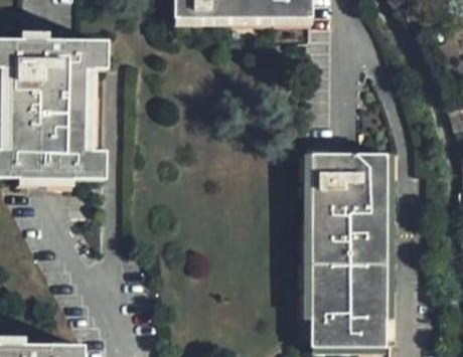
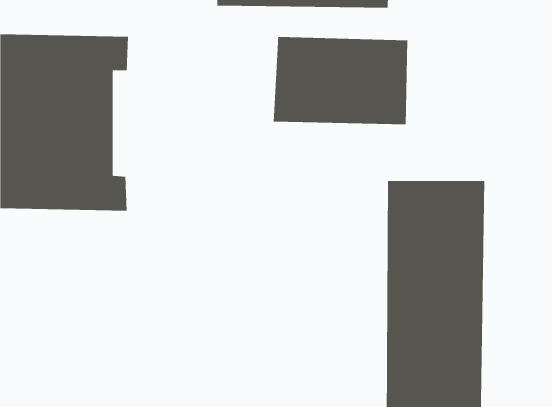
building: none -> [273,36,408,125]

